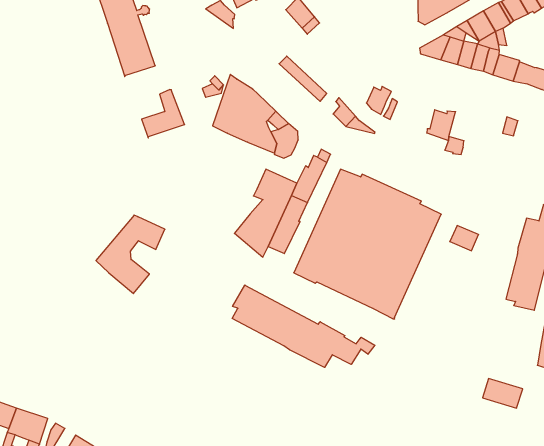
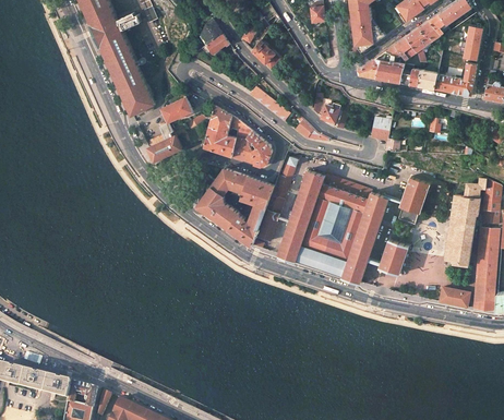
building: none -> [160,97,192,122]
building: none -> [399,178,429,213]
building: [96,215,165,294] -> [196,168,248,229]
building: none -> [379,240,407,274]
building: [232,285,375,367] -> none
building: [483,379,523,408] -> [439,287,469,308]

